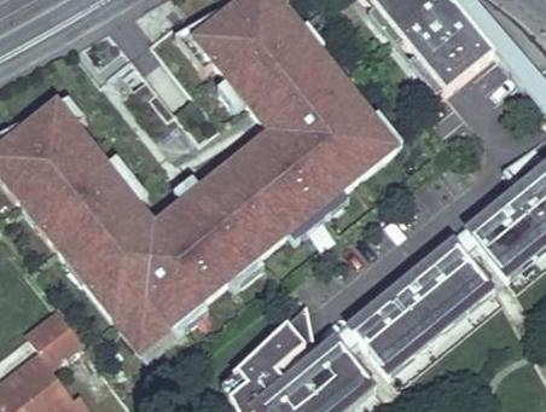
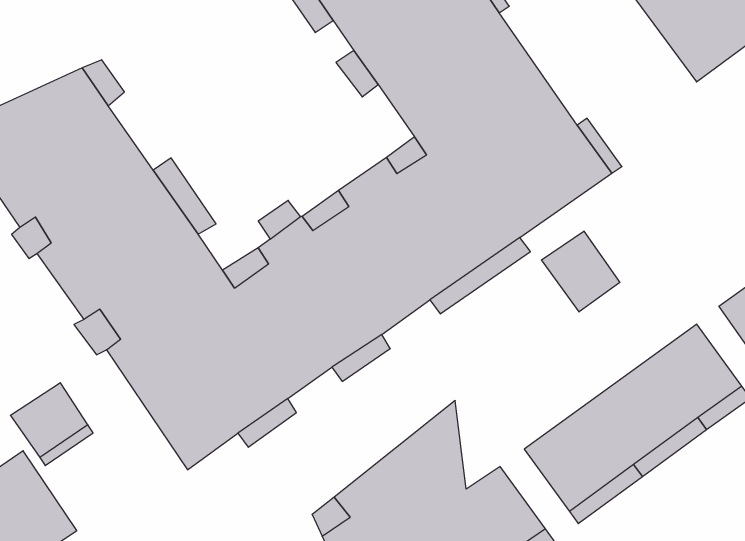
building: none -> [541,231,620,312]

